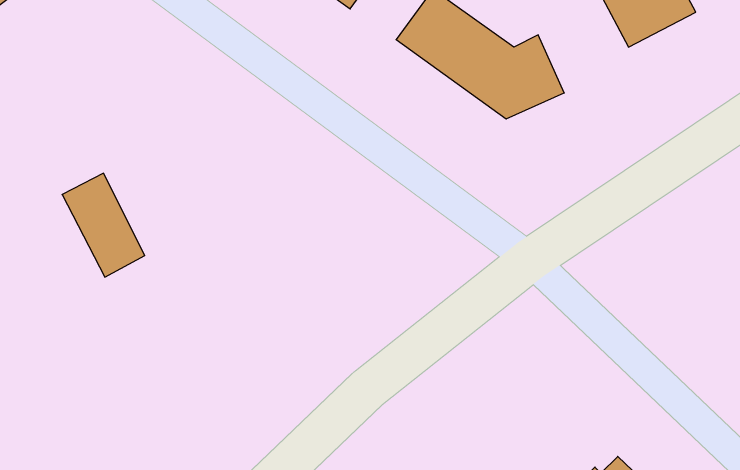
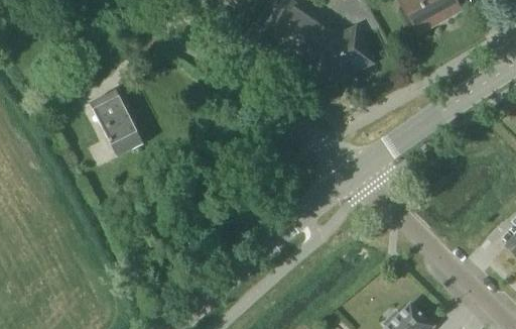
building: [62,173,145,277] -> [90,89,144,157]

